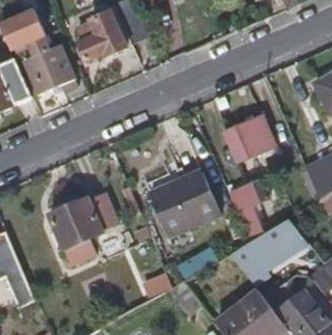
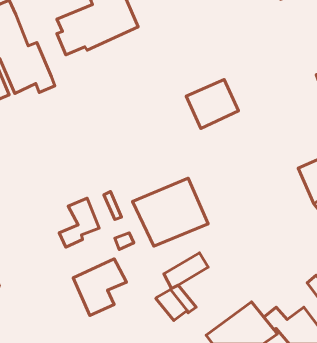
building: [224,117,273,163] -> [186,80,238,129]
building: [231,180,267,225] -> none
building: [47,197,96,250] -> [73,259,127,316]
building: [229,217,297,280] -> none

